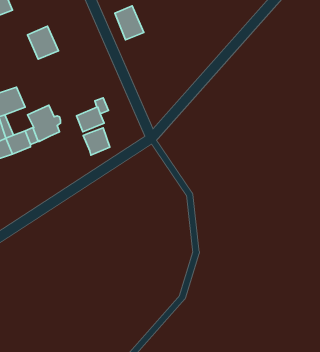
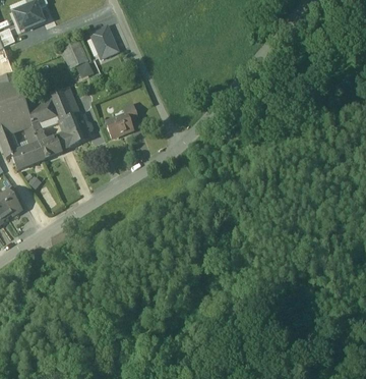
building: [115,6,144,40] -> [90,25,118,58]
building: none -> [49,86,79,121]
building: [83,128,110,155] -> none

